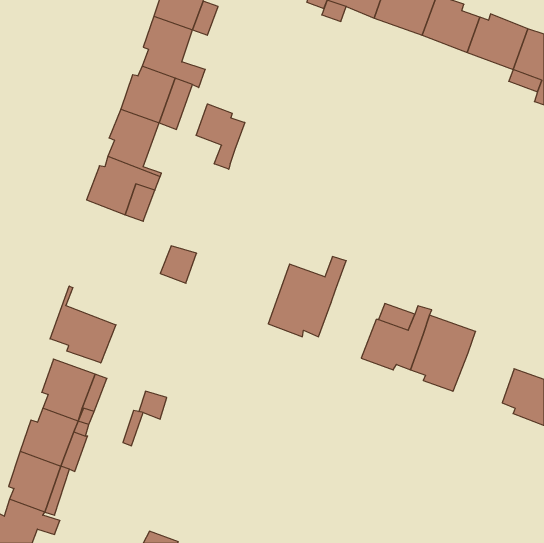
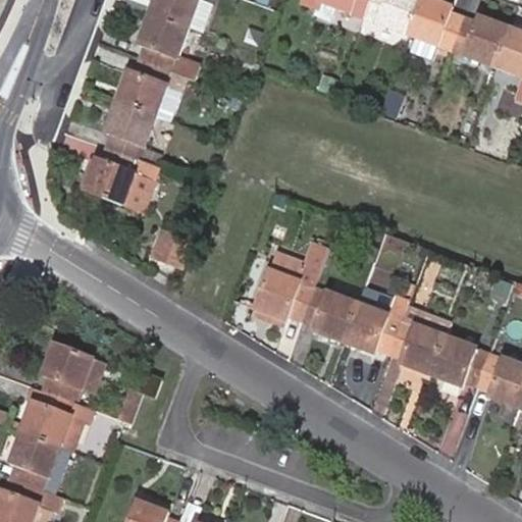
building: [196,104,245,169] -> none
building: [50,286,116,363] -> none
building: none -> [304,289,359,342]
building: none -> [432,336,490,385]

